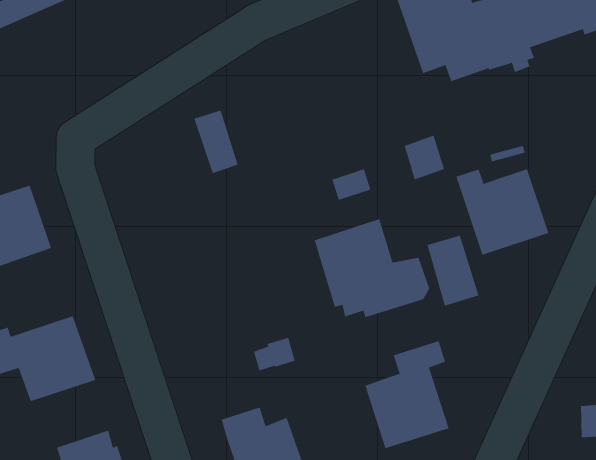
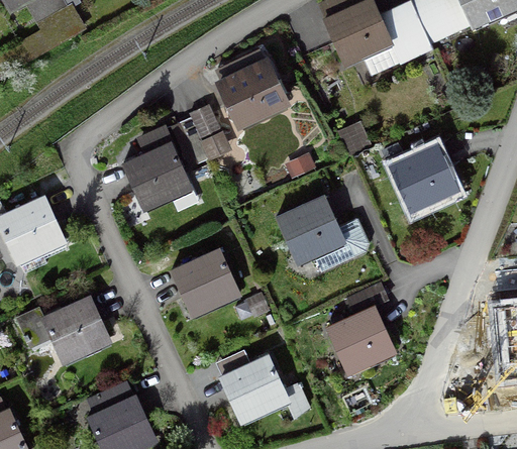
building: none -> [213,49,291,132]
building: none -> [188,105,231,161]
building: none -> [120,125,200,217]
building: [427,235,479,307] -> none
building: none -> [169,246,242,320]

